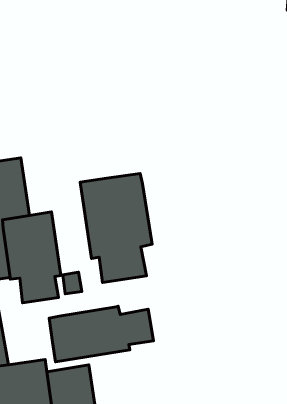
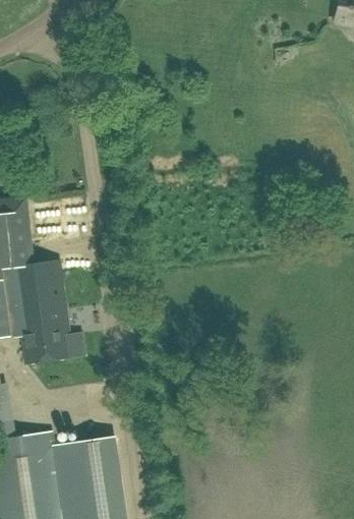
building: [80,174,152,283] -> none
building: [49,306,153,362] -> none

